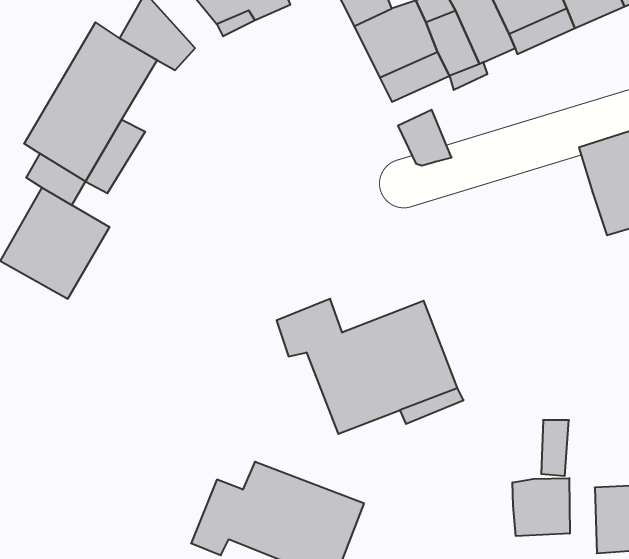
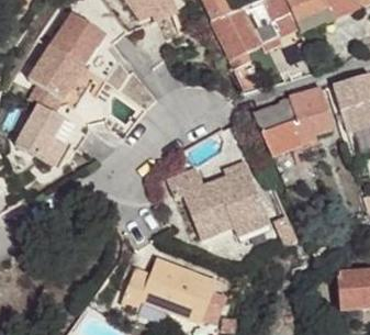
building: none -> [251,85,333,154]
building: [512,478,570,536] -> none

